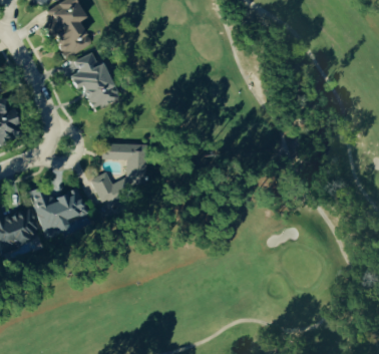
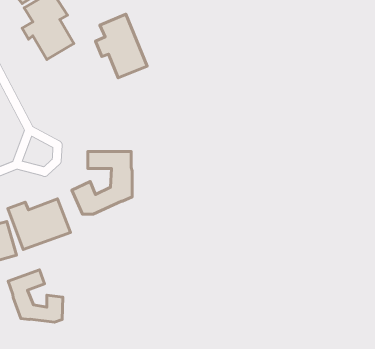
building: [69,50,117,109] -> [95,14,147,78]
building: none -> [8,270,63,322]

